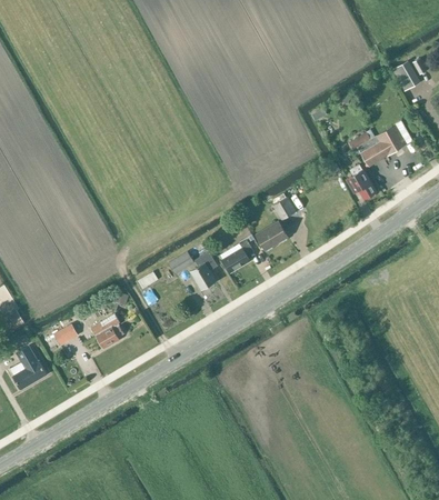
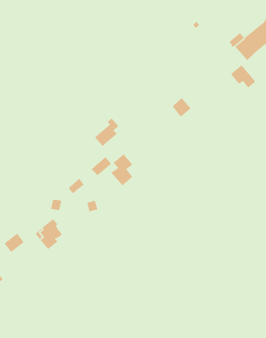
building: [255,221,287,250] -> none
building: [221,240,252,272] -> [94,118,119,147]

